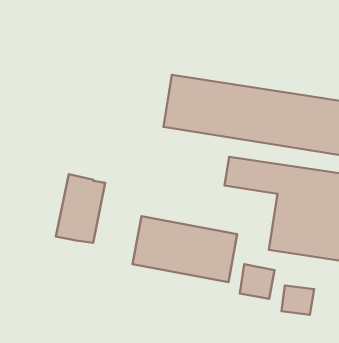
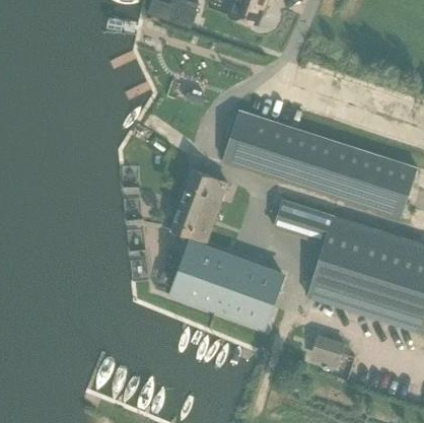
building: [56,174,105,243] -> [171,170,228,241]
building: [240,264,275,299] -> none

